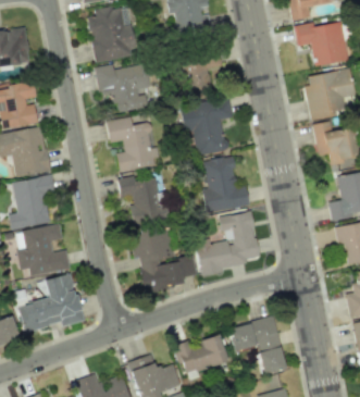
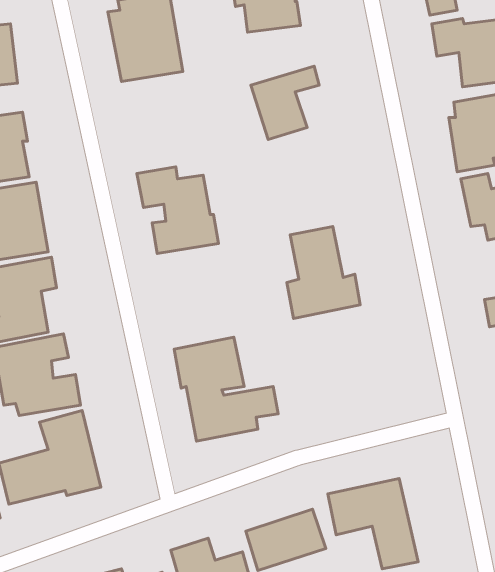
building: [95,63,150,111] -> none
building: [181,98,233,154] -> none
building: [119,173,170,221] -> none
building: [197,210,259,272] -> none

